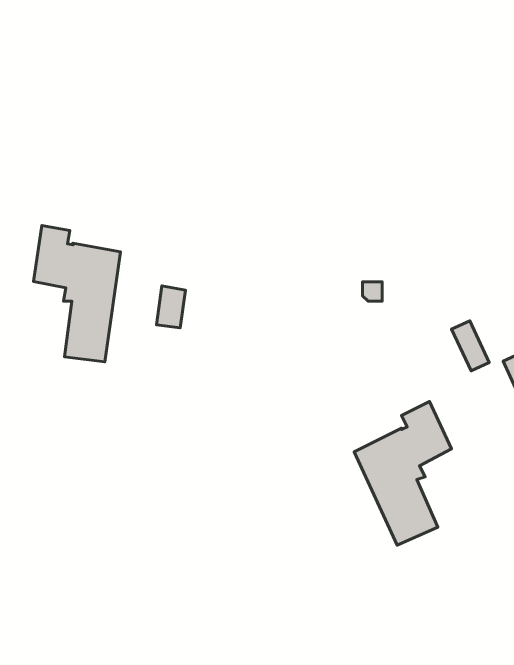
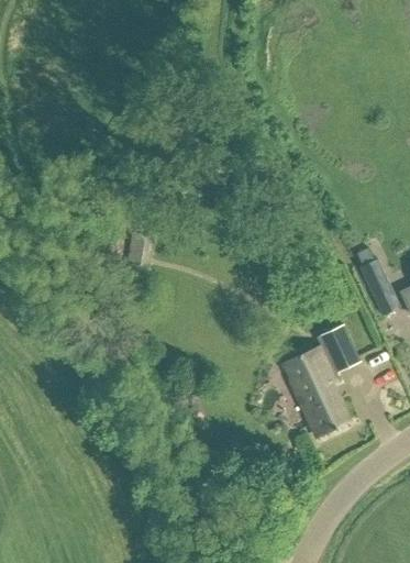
building: [33,225,120,362] -> none

